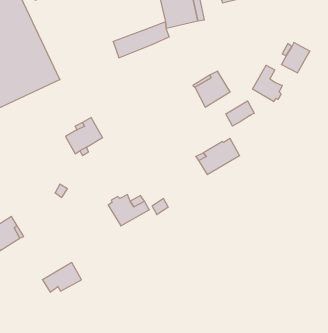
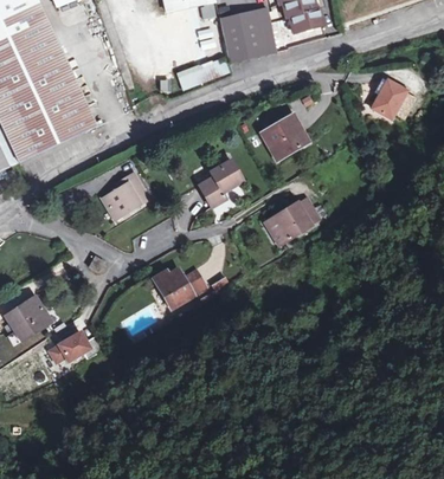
building: [253,65,282,102] -> none
building: [226,101,254,126] -> none
building: none -> [200,160,243,206]
building: [42,263,81,292] -> [47,329,96,365]

